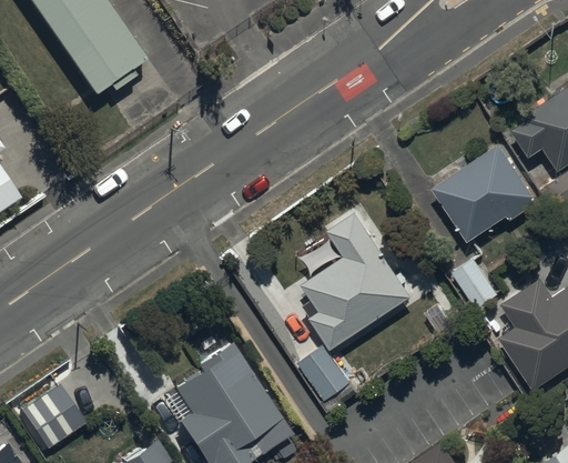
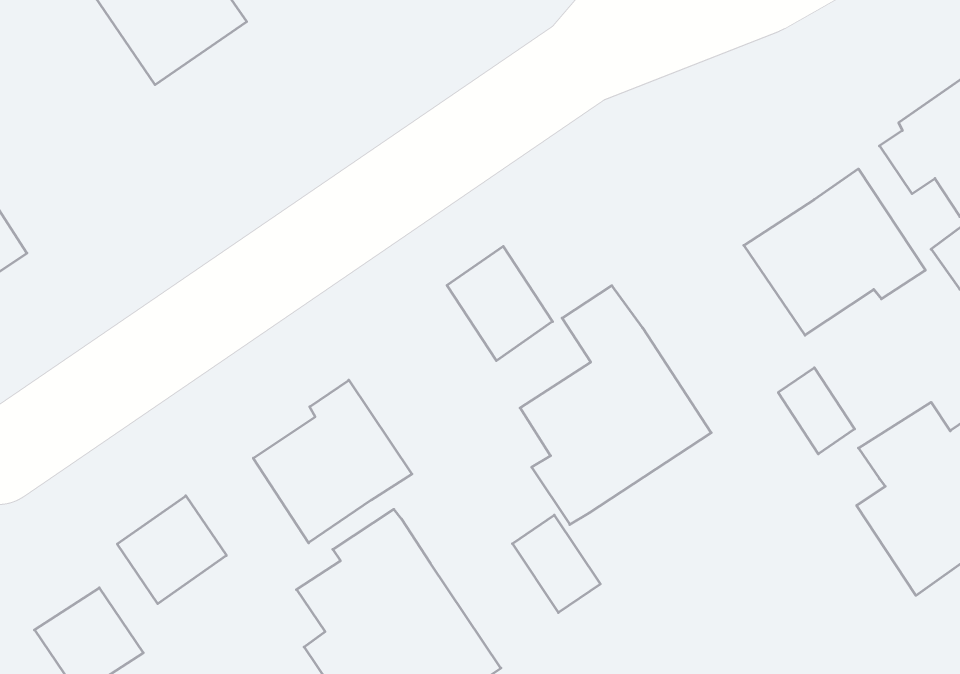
building: none -> [447,246,553,361]
building: none -> [253,380,412,543]
building: none -> [117,496,226,604]

